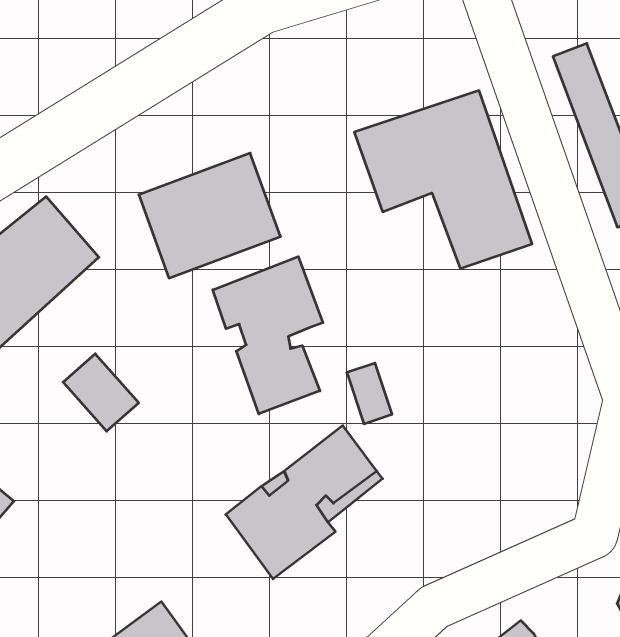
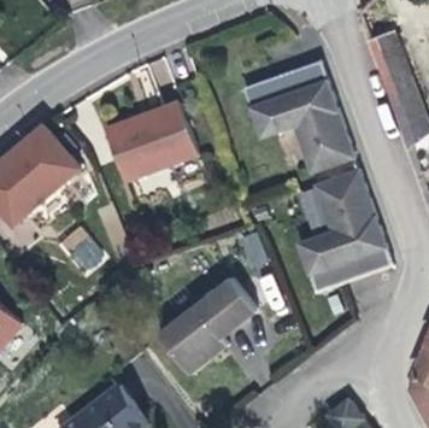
building: [213,257,323,414] -> none
building: none -> [295,168,392,293]

